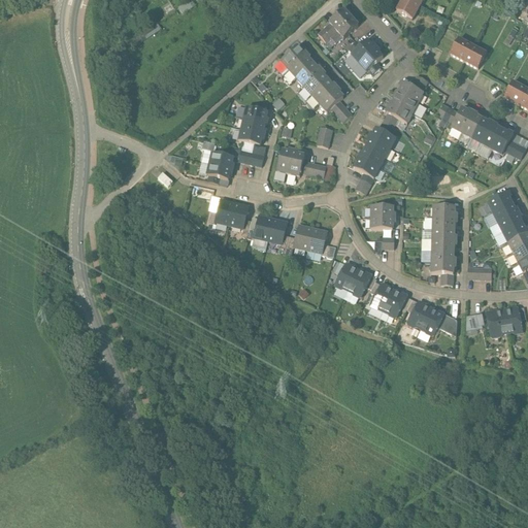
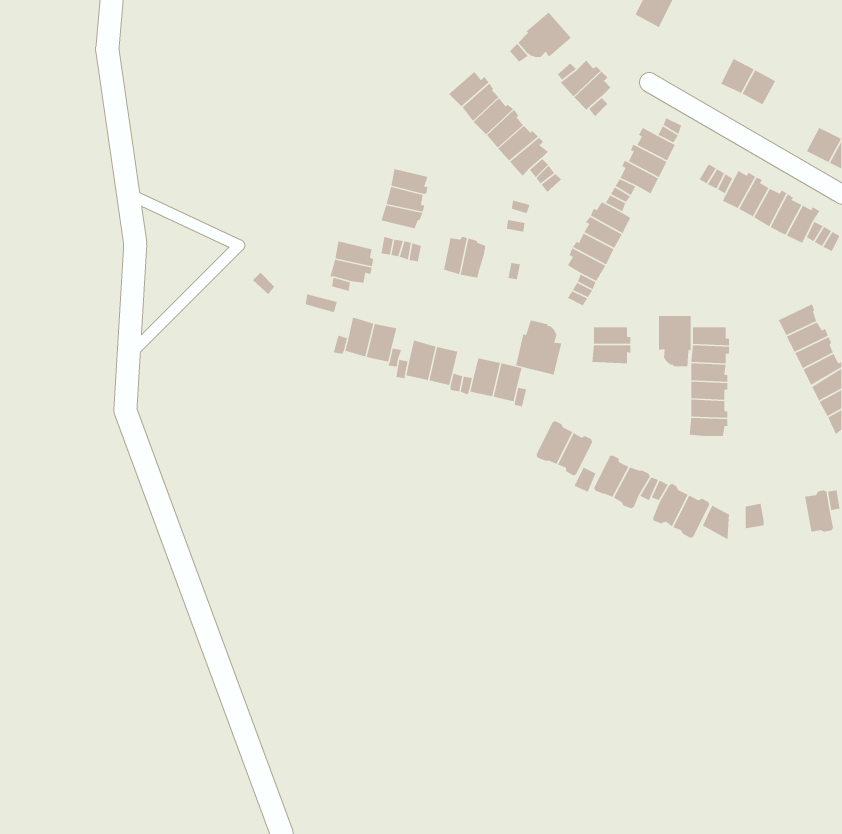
building: none -> [658,315,691,367]
building: none -> [515,319,562,375]
building: [487,310,507,337] -> none

